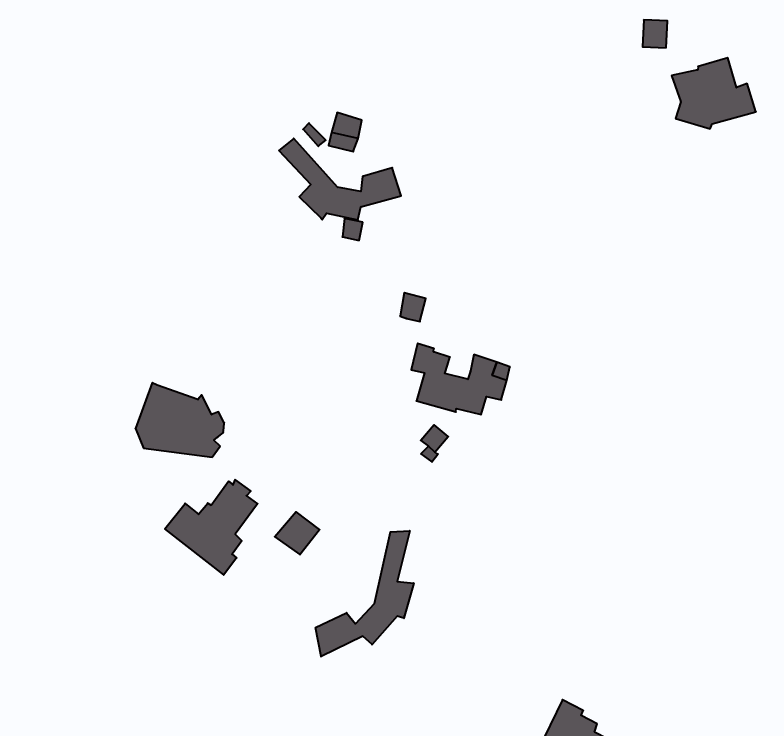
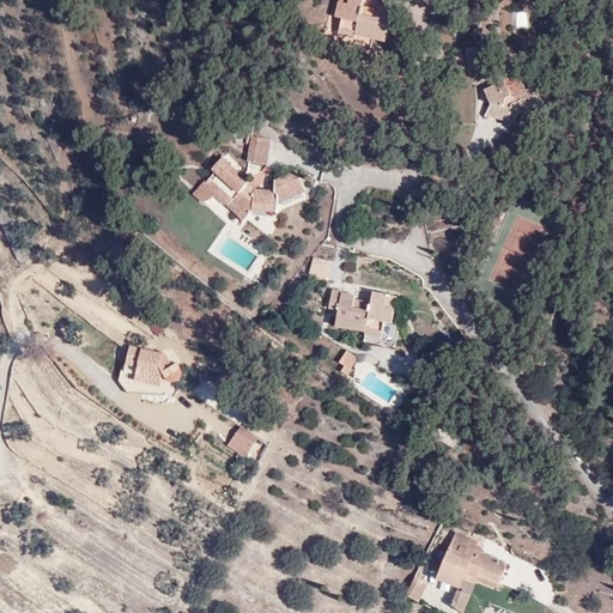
building: none -> [190,180,245,218]
building: [165,480,258,575] -> none
building: [316,531,414,657] -> none

